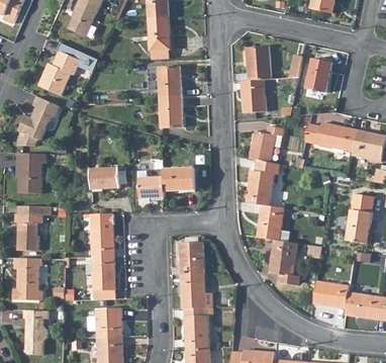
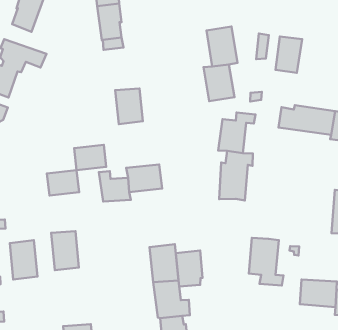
building: [157,66,180,96] -> none
building: none -> [74,145,106,170]
building: [256,203,290,242] -> none
building: none -> [176,250,203,287]
building: [91,256,114,290] -> [10,240,38,279]

